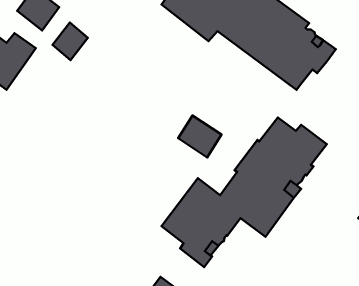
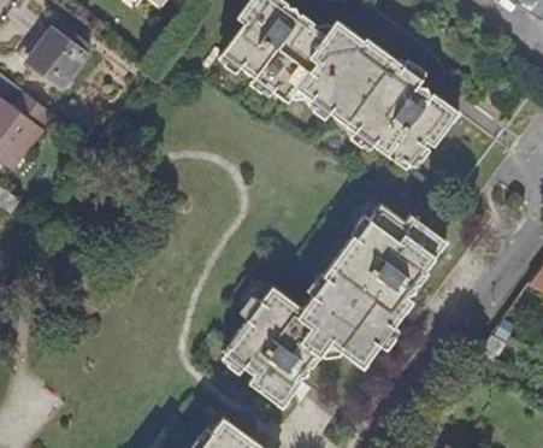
building: [52,23,88,60] -> none
building: [178,116,221,157] -> none

